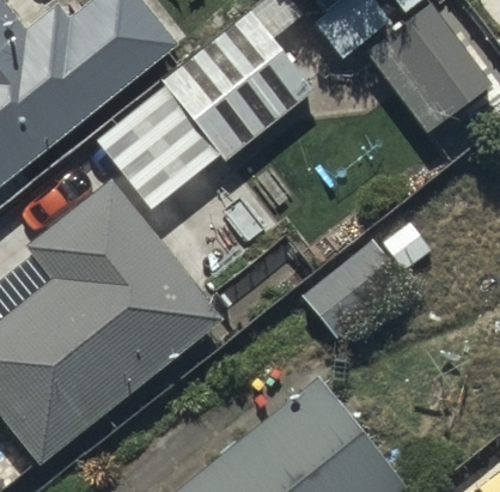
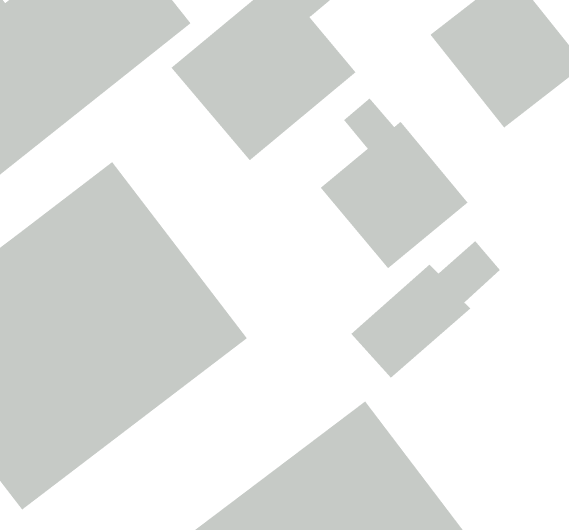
building: none -> [320,97,469,269]

